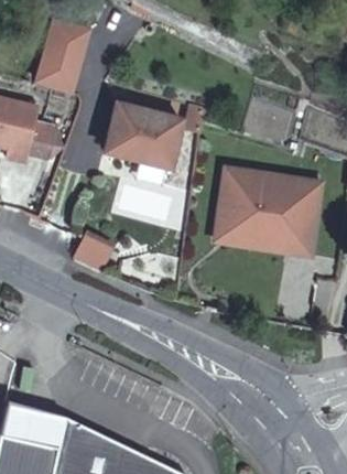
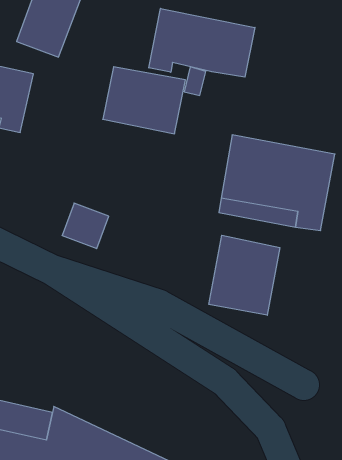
building: none -> [149,8,255,77]
building: none -> [209,235,280,315]

